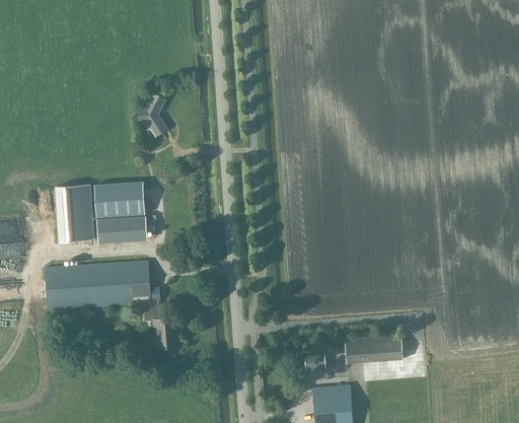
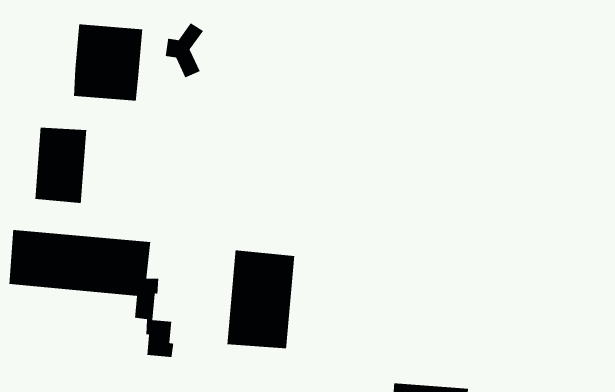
building: [94,182,146,239] -> [73,23,143,102]
building: none -> [226,249,295,349]

